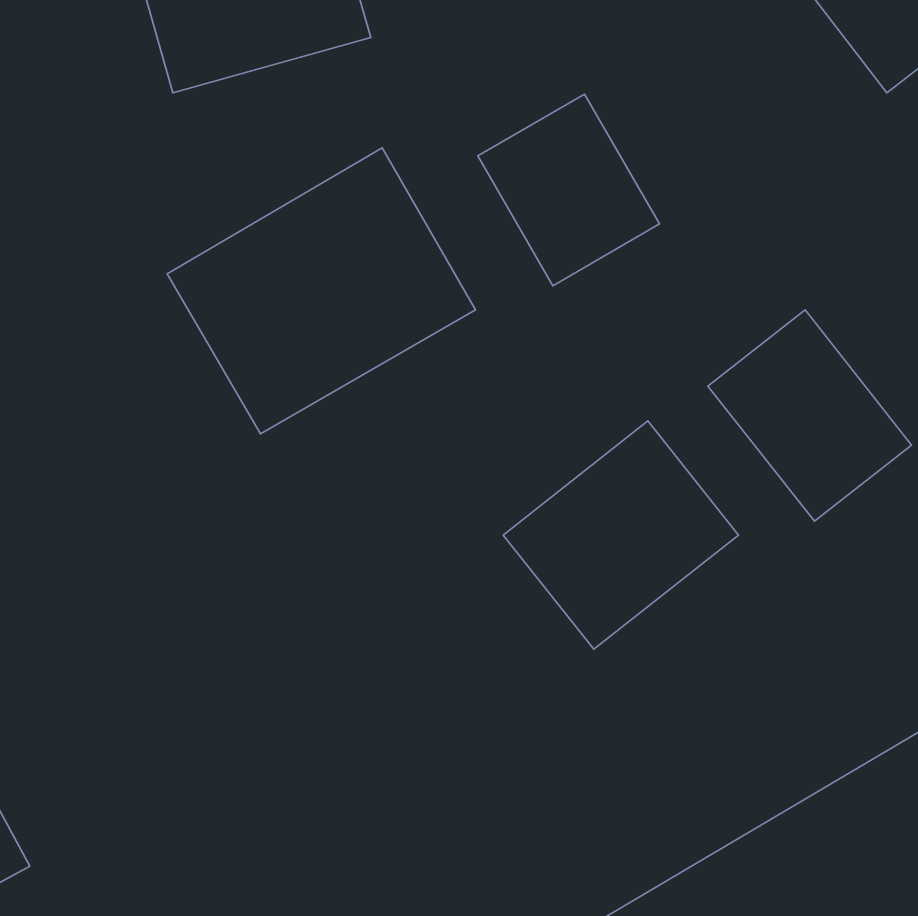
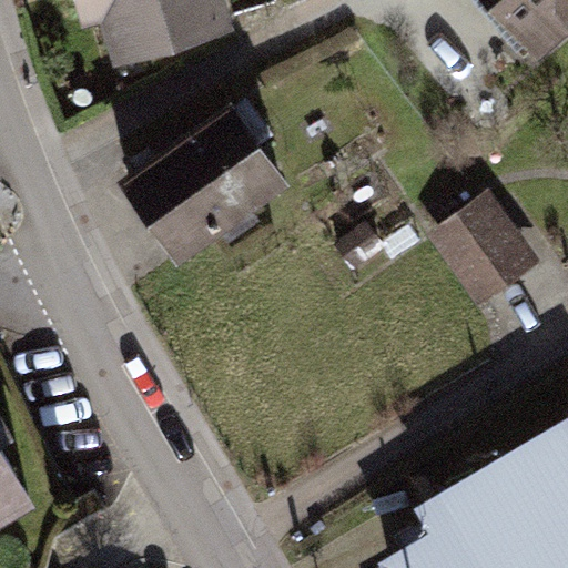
building: [478,94,659,286] -> none
building: [503,421,738,649] -> none

